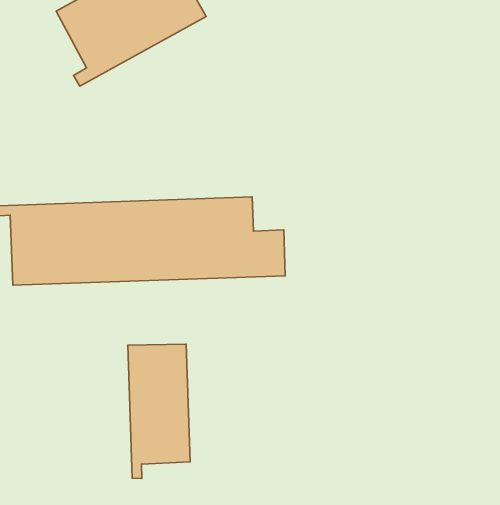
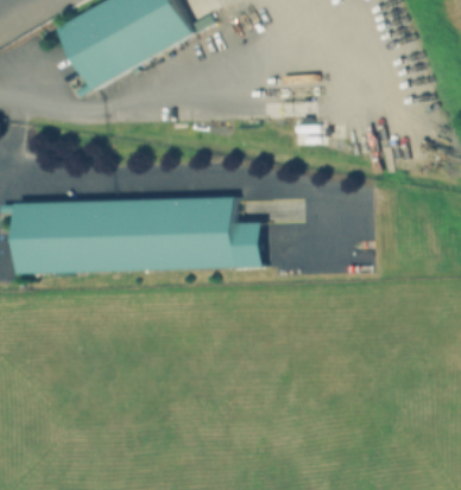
building: [128,344,190,478] -> none

